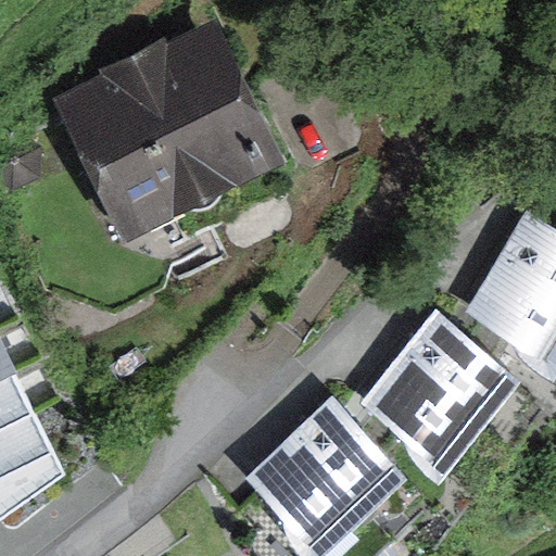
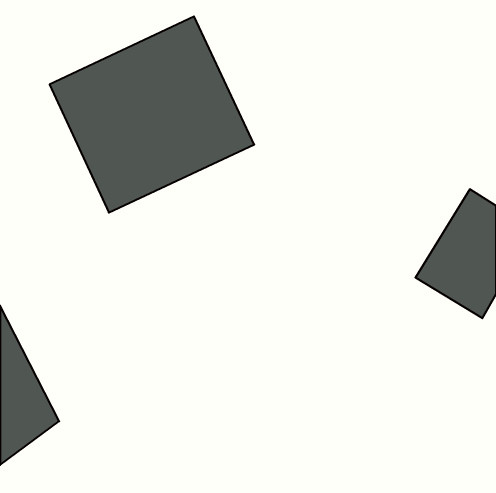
building: [359,308,504,458] -> none
building: [244,400,390,544] -> none

